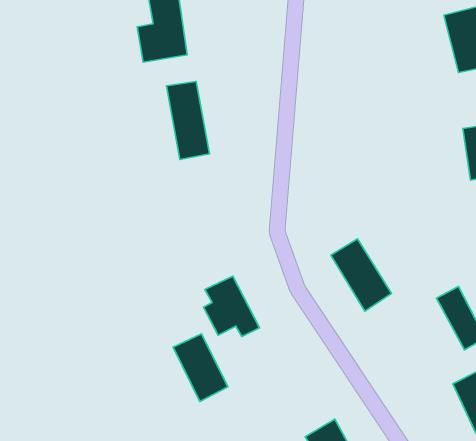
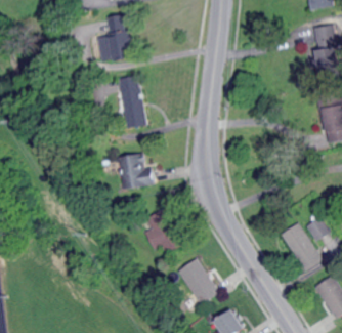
building: none -> [118,154,162,191]
building: [331,239,391,311] -> [280,222,322,273]
building: [173,334,228,402] -> [180,259,218,306]

